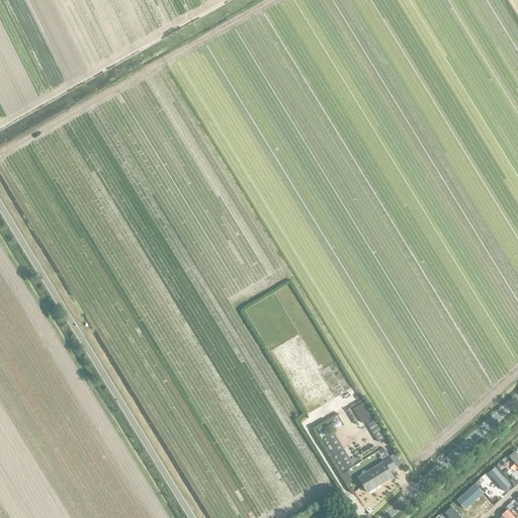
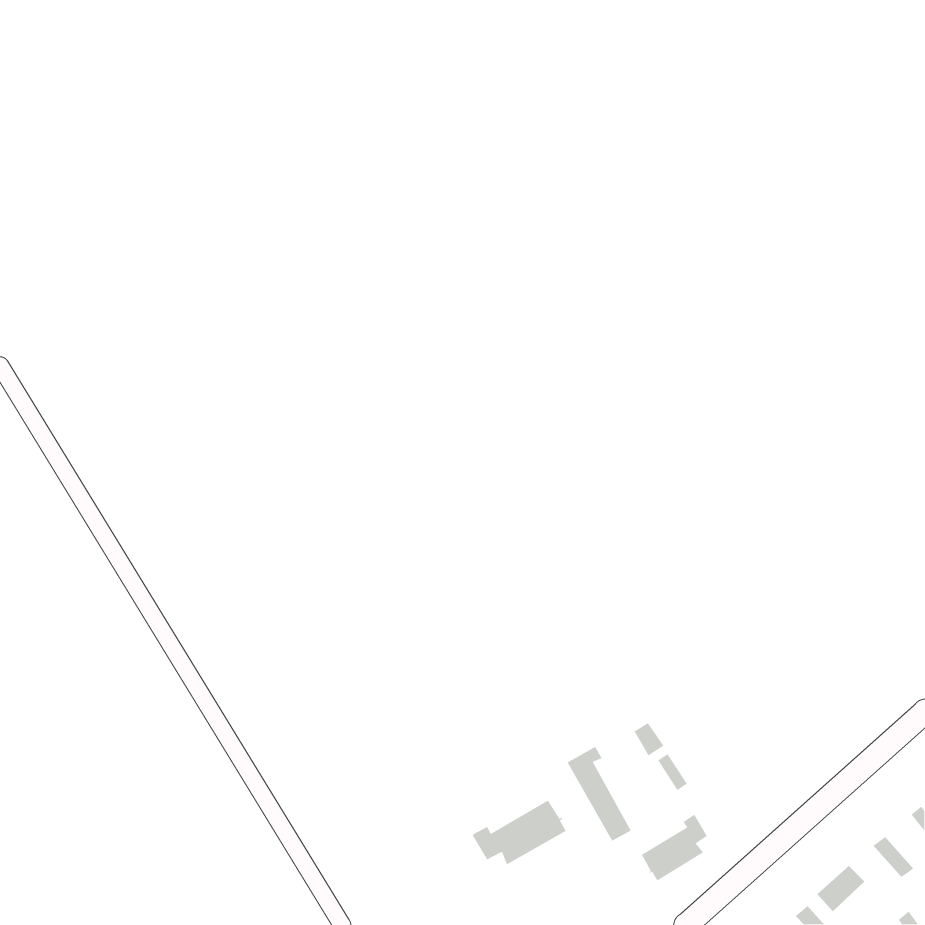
building: none -> [472,799,567,865]

